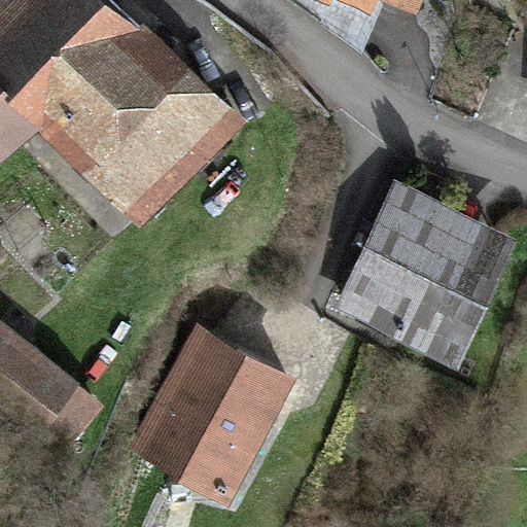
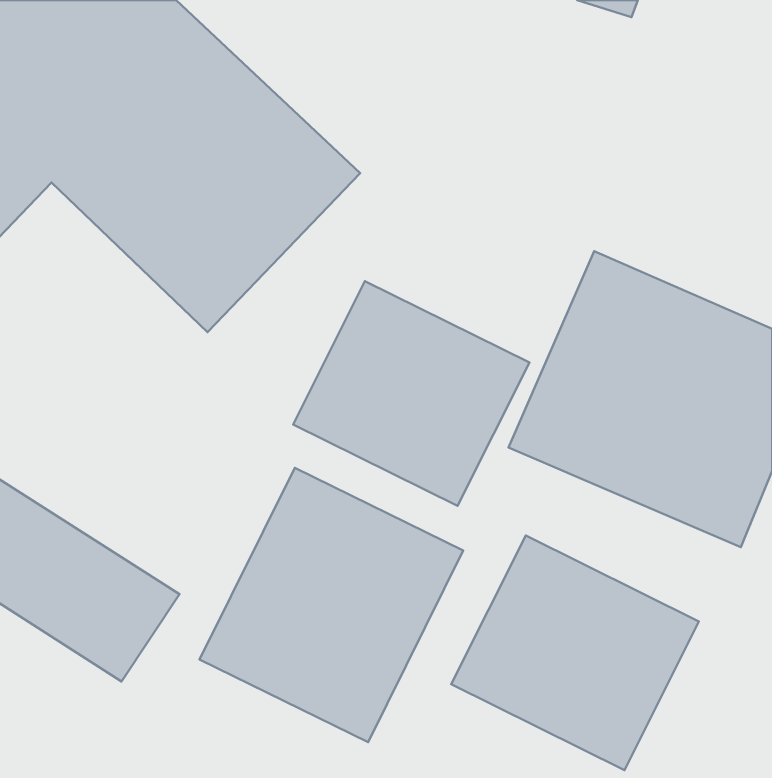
building: none -> [293,281,529,506]
building: none -> [451,536,699,770]

